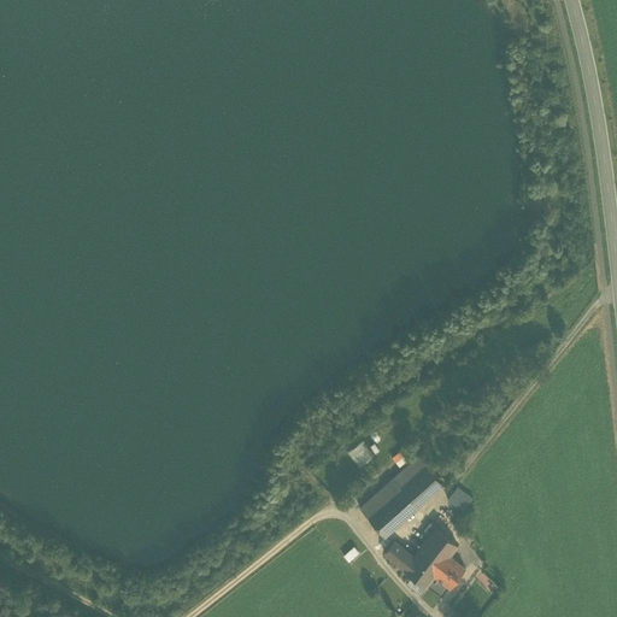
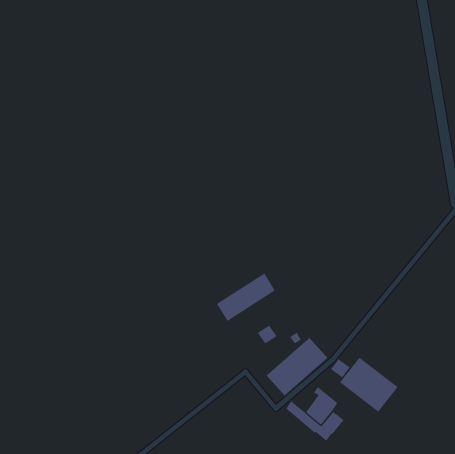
building: none -> [216,273,276,322]
building: none -> [339,357,398,412]

